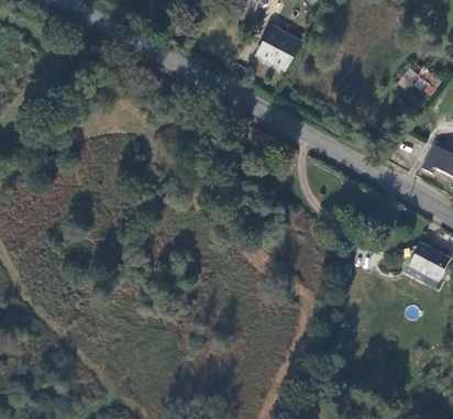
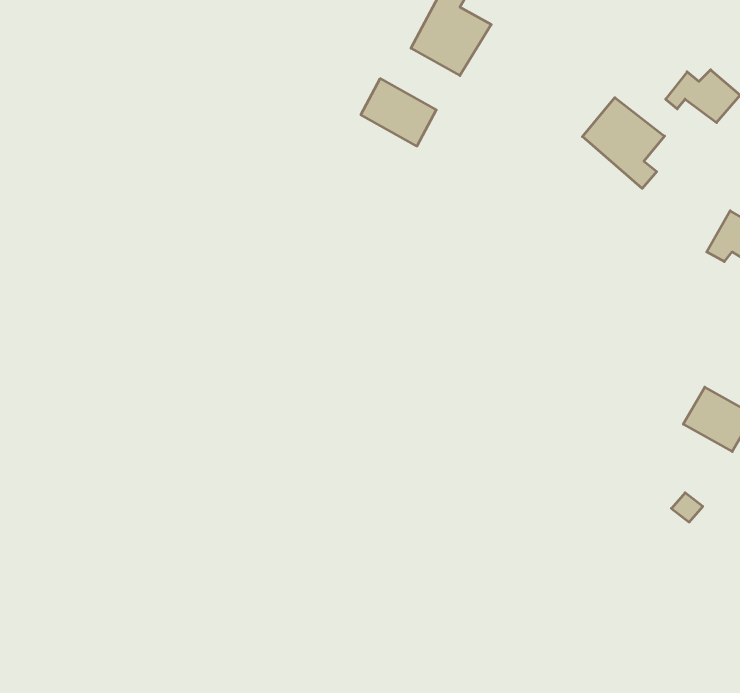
building: none -> [361,79,436,146]
building: none -> [582,98,665,188]

